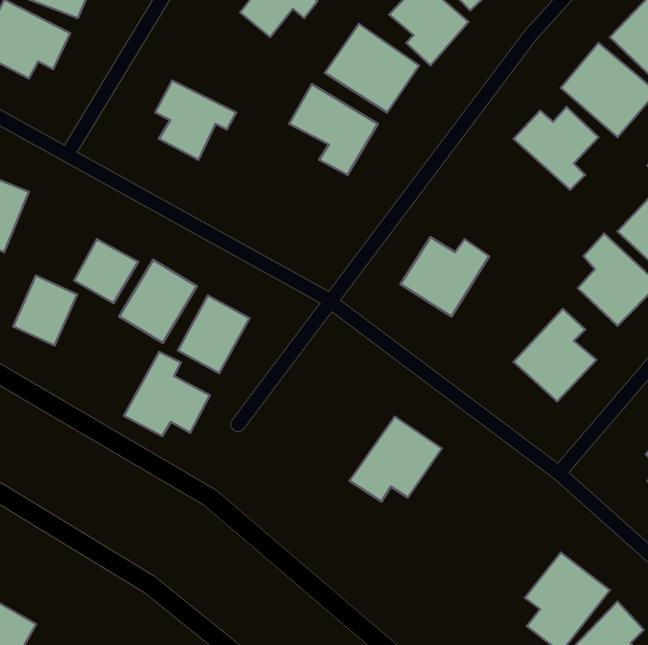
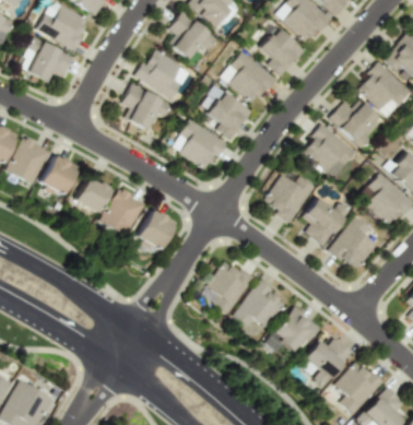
building: none -> [135,47,190,99]
building: none -> [172,119,225,170]
building: none -> [302,125,356,178]
building: none -> [302,197,350,246]
building: [13,276,77,345] -> [40,154,78,194]
building: [124,352,210,436] -> none
building: none -> [201,259,253,314]
building: none -> [266,305,320,356]
building: none -> [300,337,352,383]

